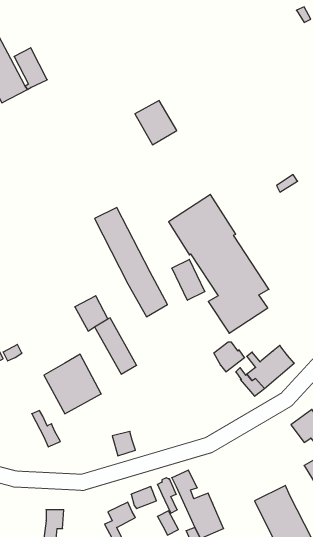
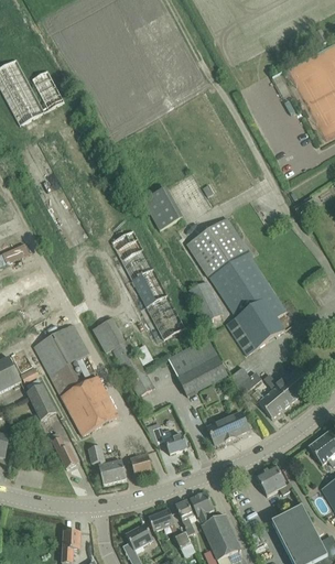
building: [135,101,177,145] -> [141,186,183,230]
building: none -> [33,323,89,397]
building: none -> [168,337,227,395]
building: none -> [26,383,56,420]
building: none -> [206,411,248,444]
building: none -> [152,426,186,454]
building: none -> [88,445,126,485]
building: none -> [256,465,292,496]

